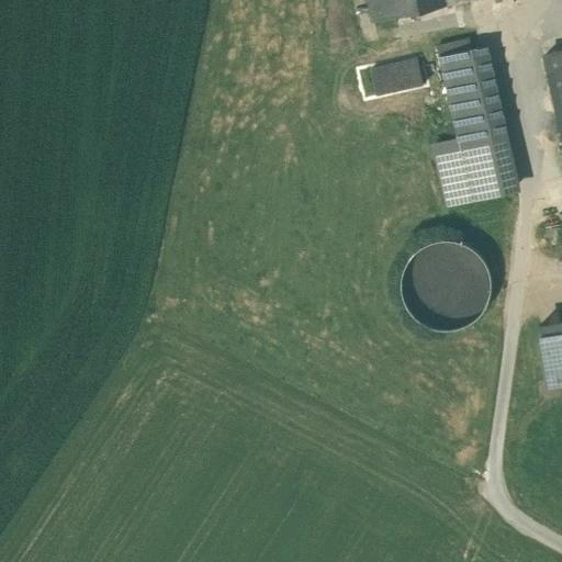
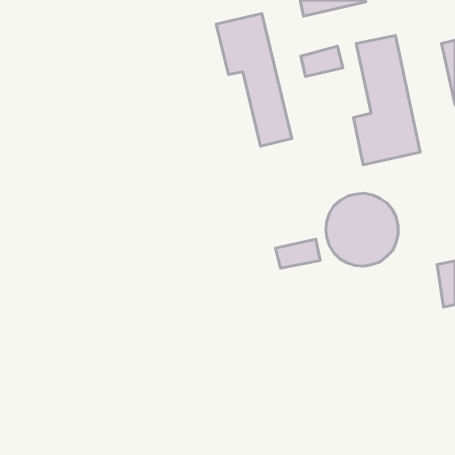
building: none -> [216,14,292,146]
building: none -> [275,239,320,268]

